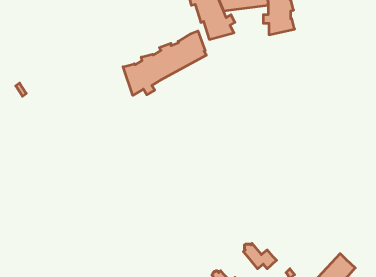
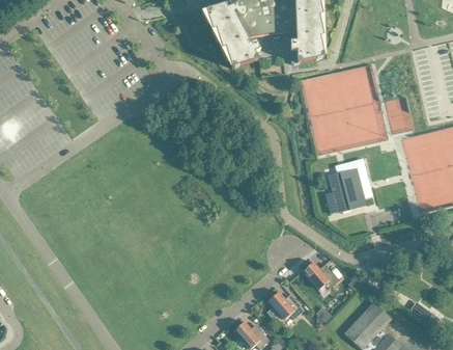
building: [123,31,206,95] -> none
building: none -> [325,168,366,213]
building: none -> [303,261,339,289]

